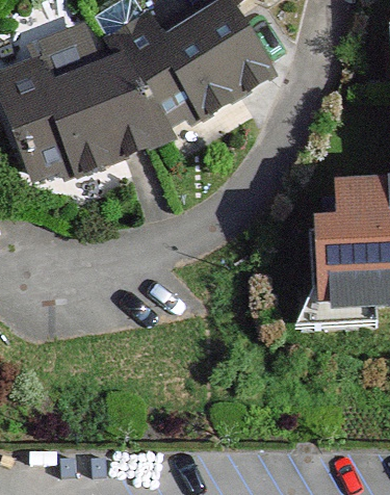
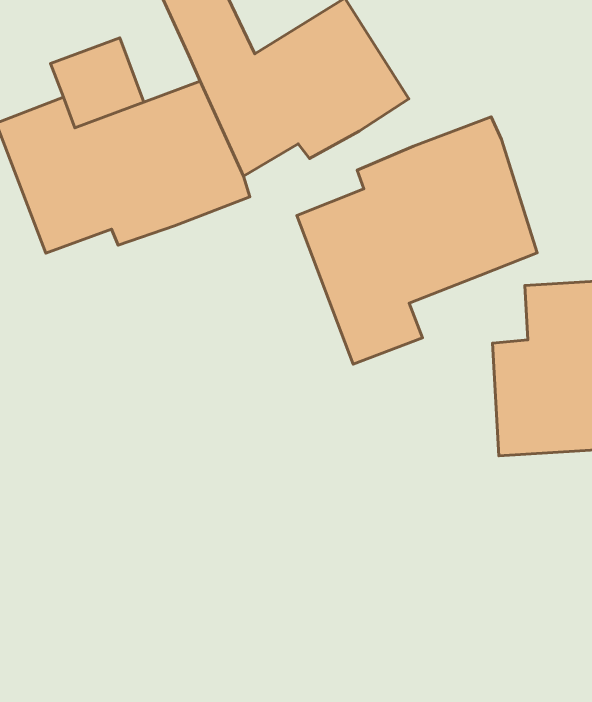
building: none -> [297,117,537,364]

